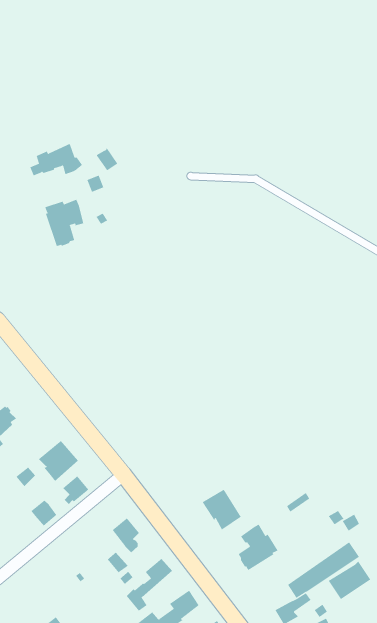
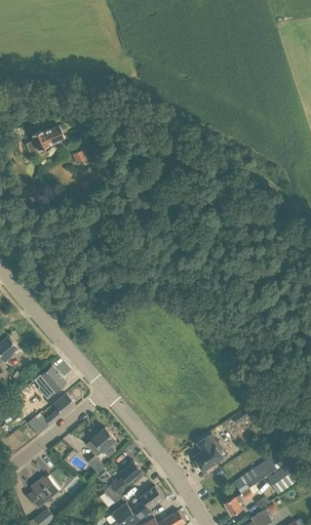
building: [44,199,84,247] -> none
building: [202,489,241,530] -> none
building: none -> [28,476,59,507]

